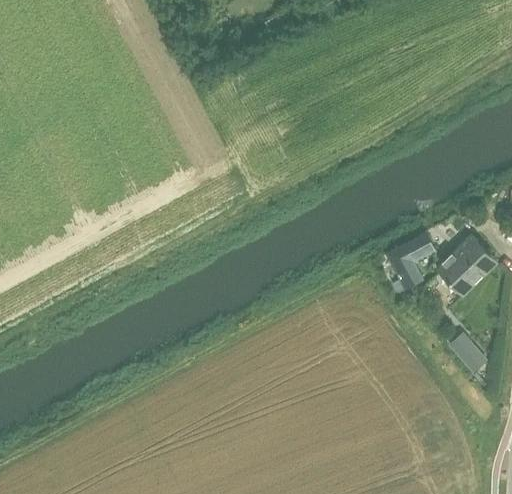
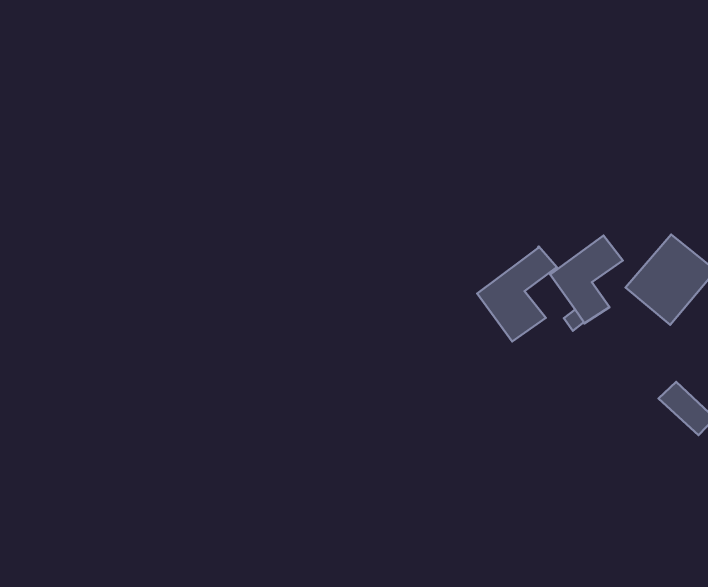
building: none -> [477,246,557,342]

